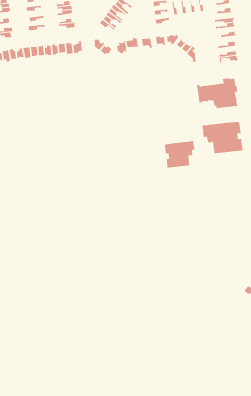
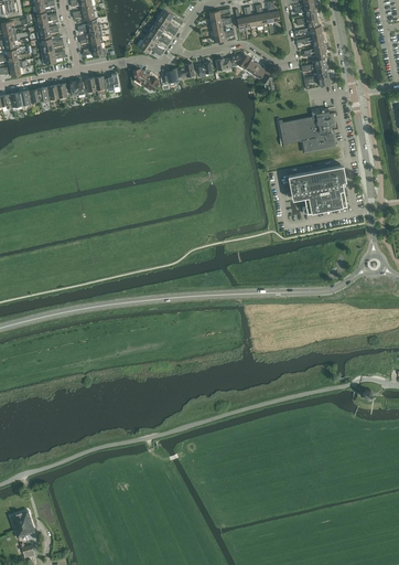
building: [164,140,195,168] -> none

